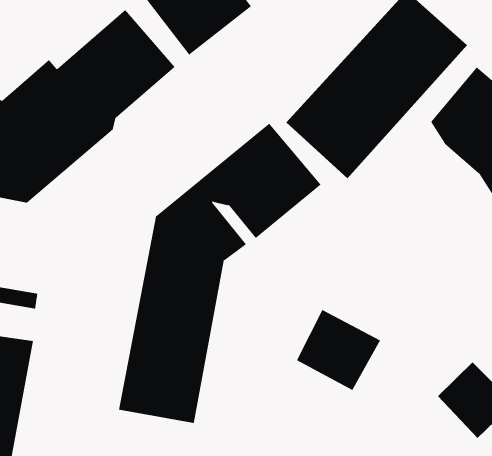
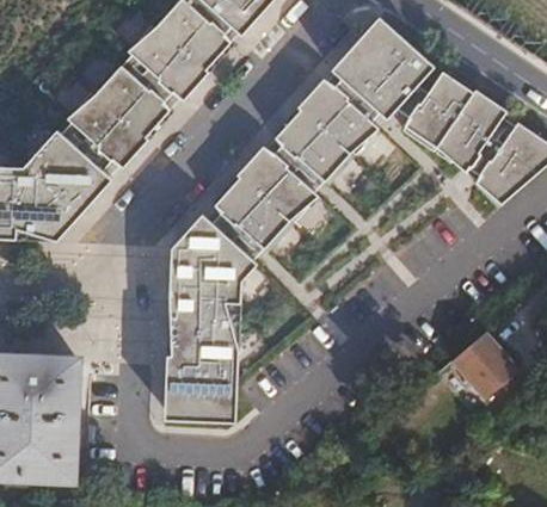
building: [296,309,381,391] -> none

